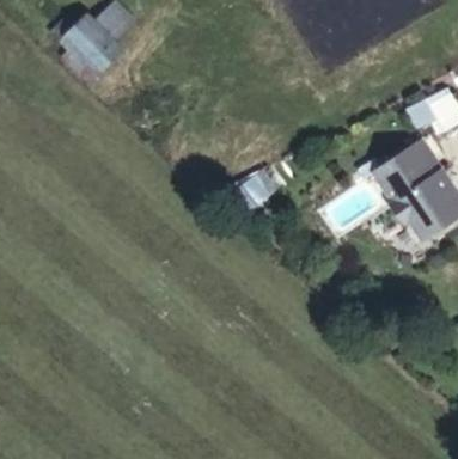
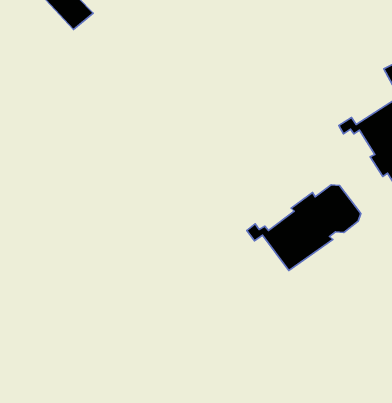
building: none -> [247,185,361,270]

